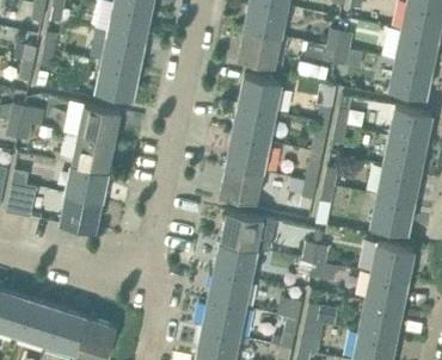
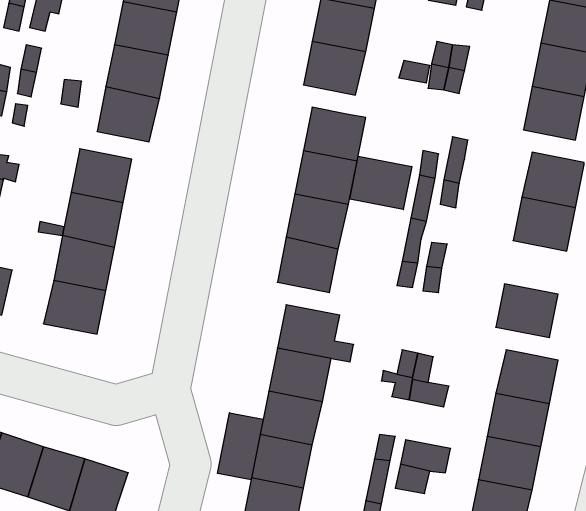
building: none -> [350,156,412,210]
building: [376,168,419,205] -> none
building: none -> [218,413,263,480]

